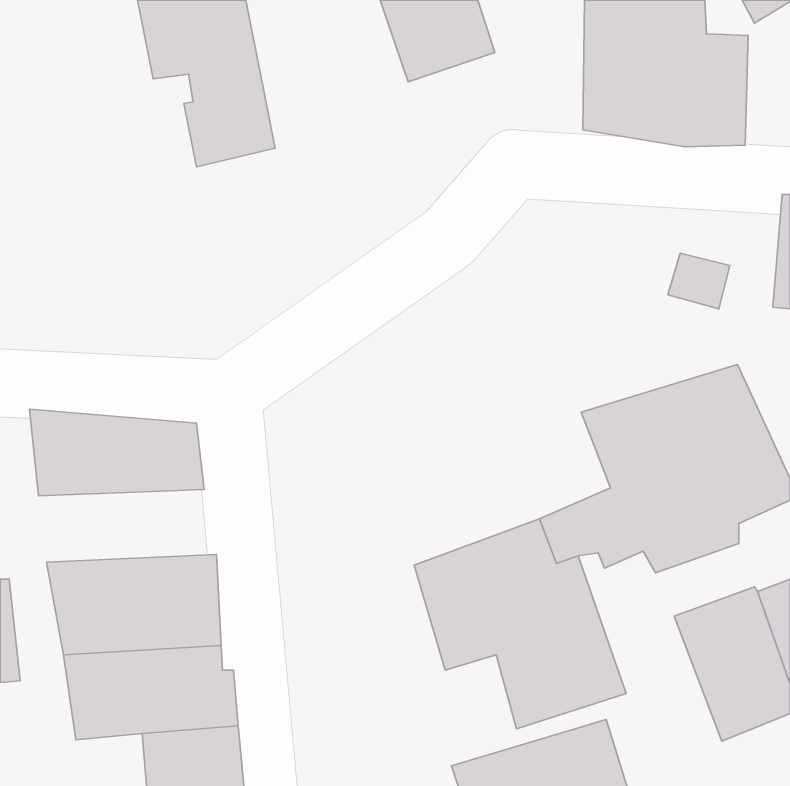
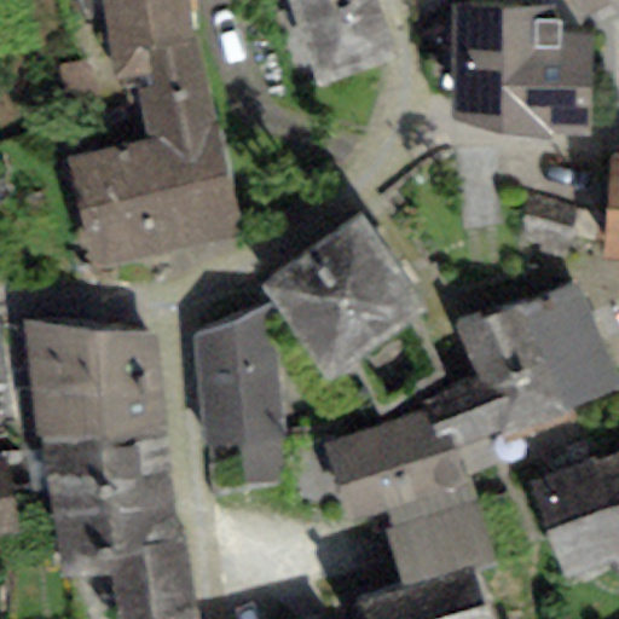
building: none -> [76,125,238,258]
building: none -> [266,207,422,361]
building: none -> [192,301,279,436]
building: none -> [30,386,169,442]

